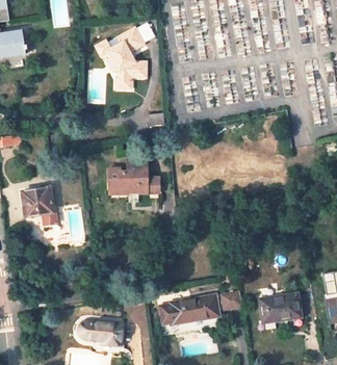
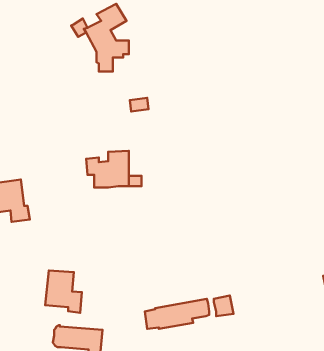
building: none -> [45,271,82,313]
building: [261,294,301,321] -> none

